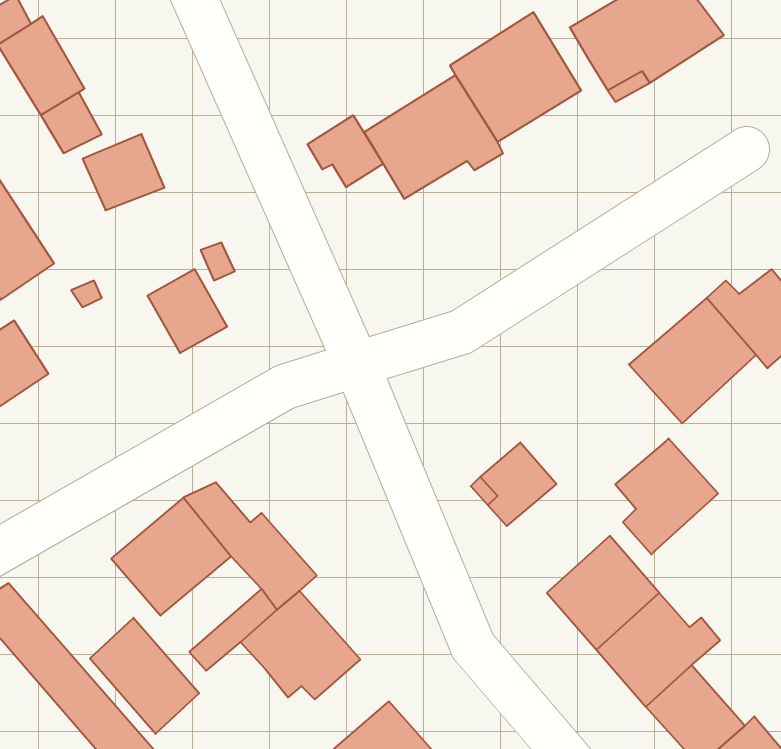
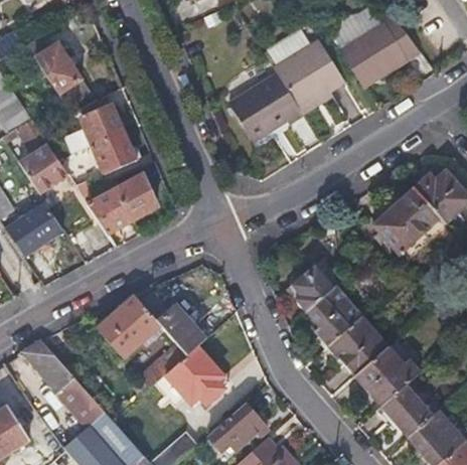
building: [307,115,383,187] -> none
building: none -> [94,132,136,172]
building: none -> [88,189,133,234]
building: [615,438,718,554] -> [306,287,360,348]
building: [90,618,199,734] -> none

